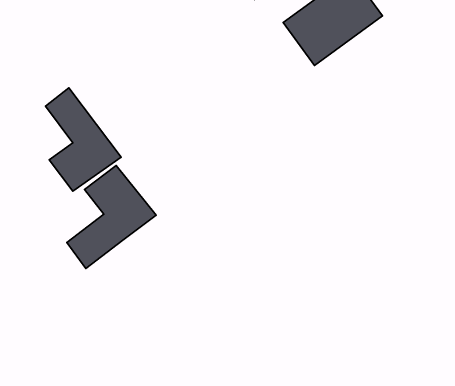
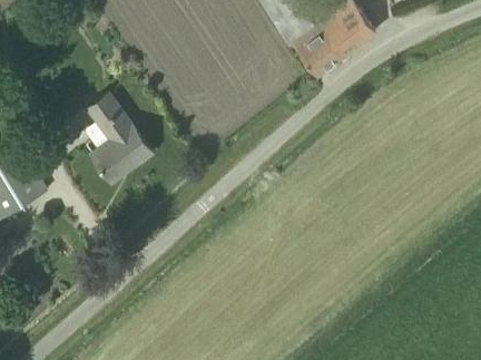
building: [67,166,156,268] -> none

